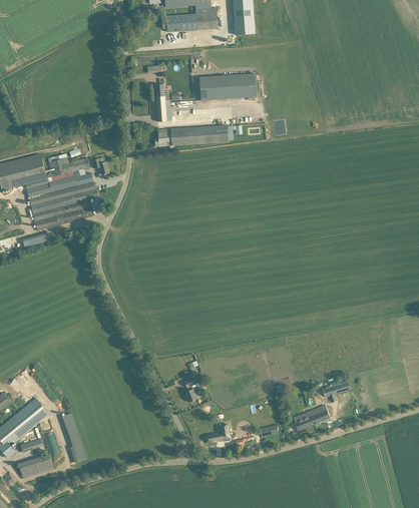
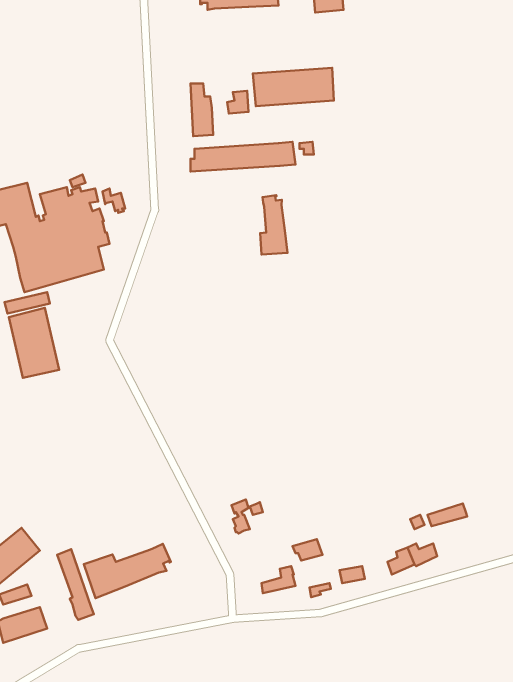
building: none -> [260,195,287,255]
building: none -> [9,308,59,378]
building: none -> [84,544,171,598]

